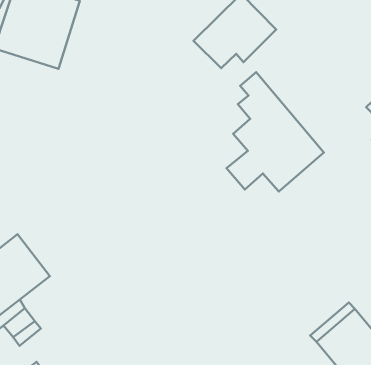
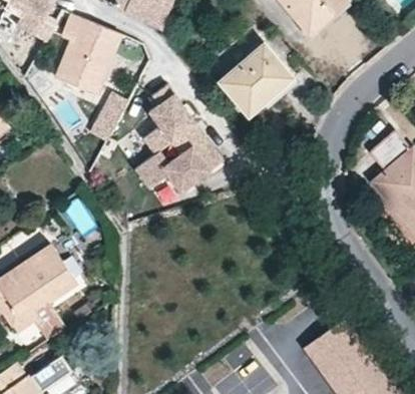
building: none -> [89,92,129,140]
building: [226,72,324,192] -> [136,84,224,191]

